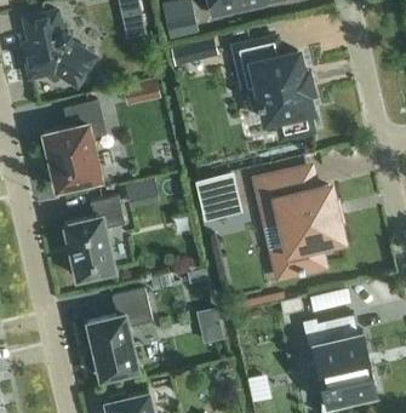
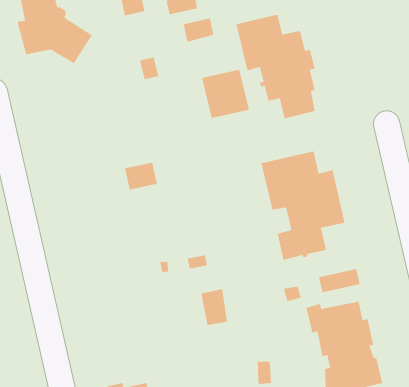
building: [41,102,104,190] -> none
building: [194,173,241,222] -> [201,69,250,119]
building: [63,196,124,283] -> none
building: [86,289,151,379] -> none

